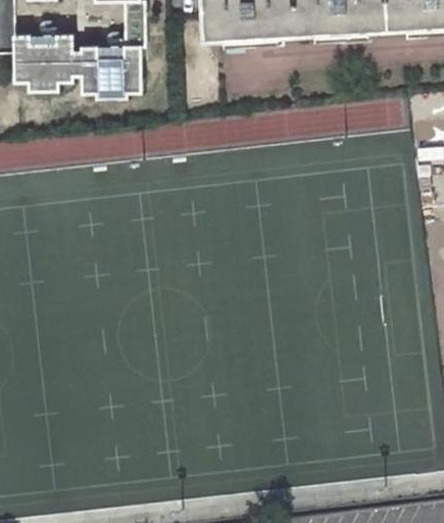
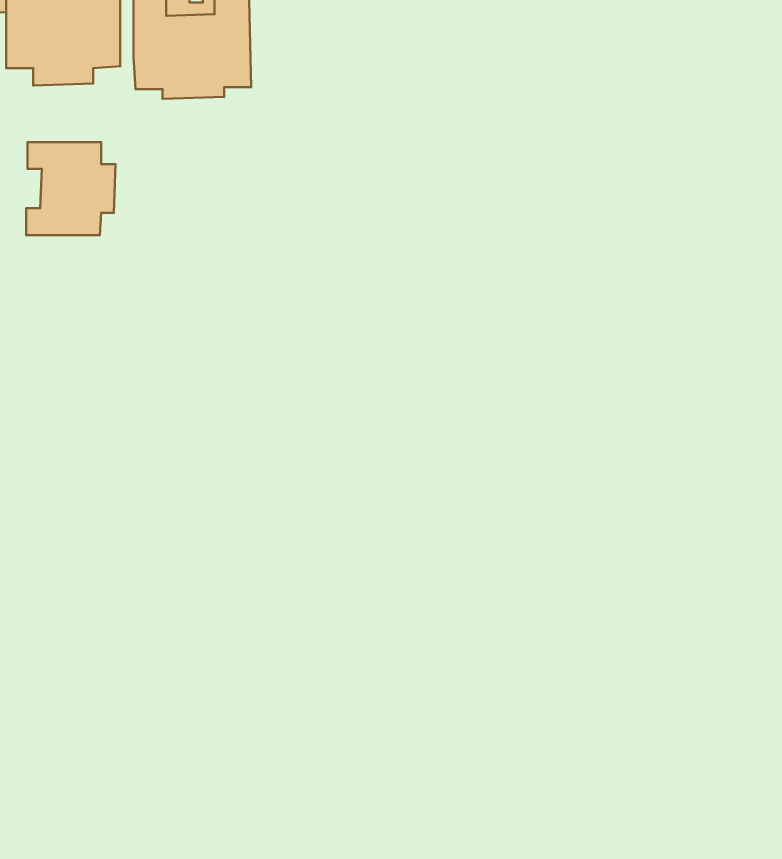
building: none -> [26,142,115,235]

